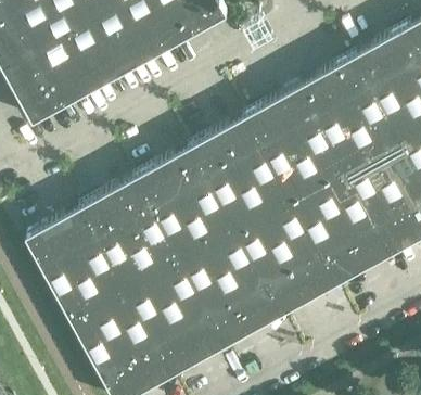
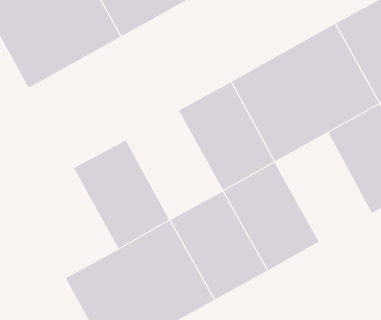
building: [136,148,237,262] -> none
building: [291,170,392,284] -> none
building: [26,207,127,322] -> none

